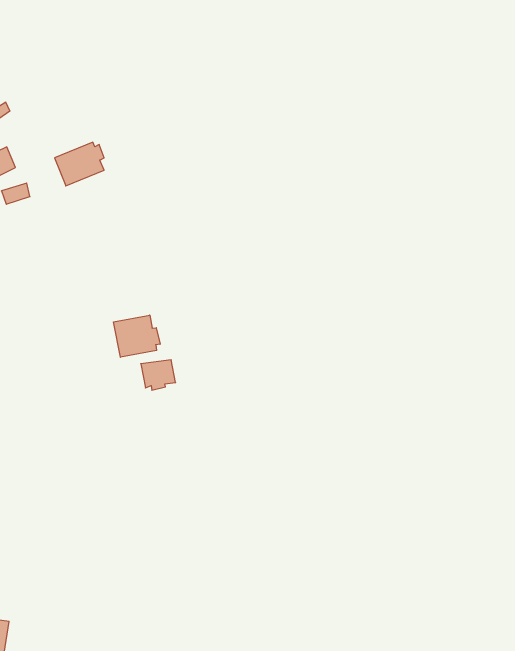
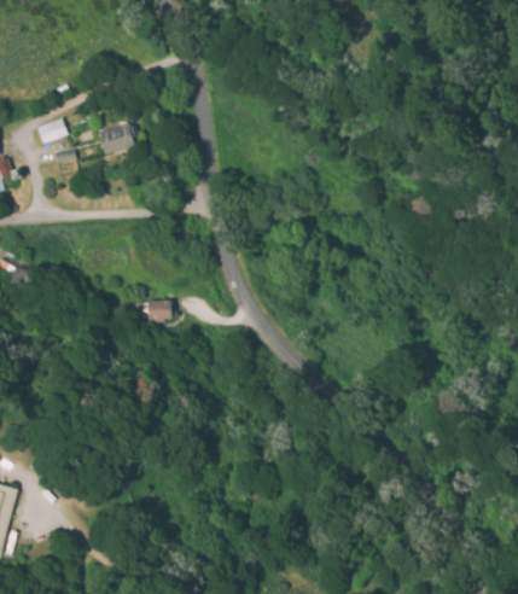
building: [114,315,160,357] -> none

